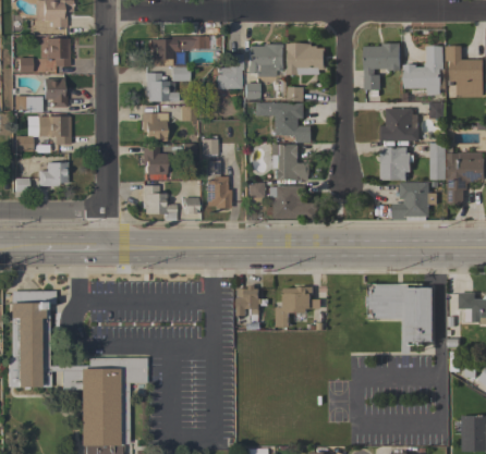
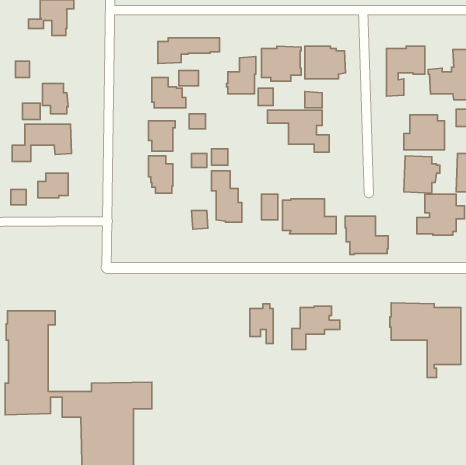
building: [47,38,70,66] -> none
building: [270,145,311,181] -> [345,216,388,255]
building: [143,185,175,220] -> none

